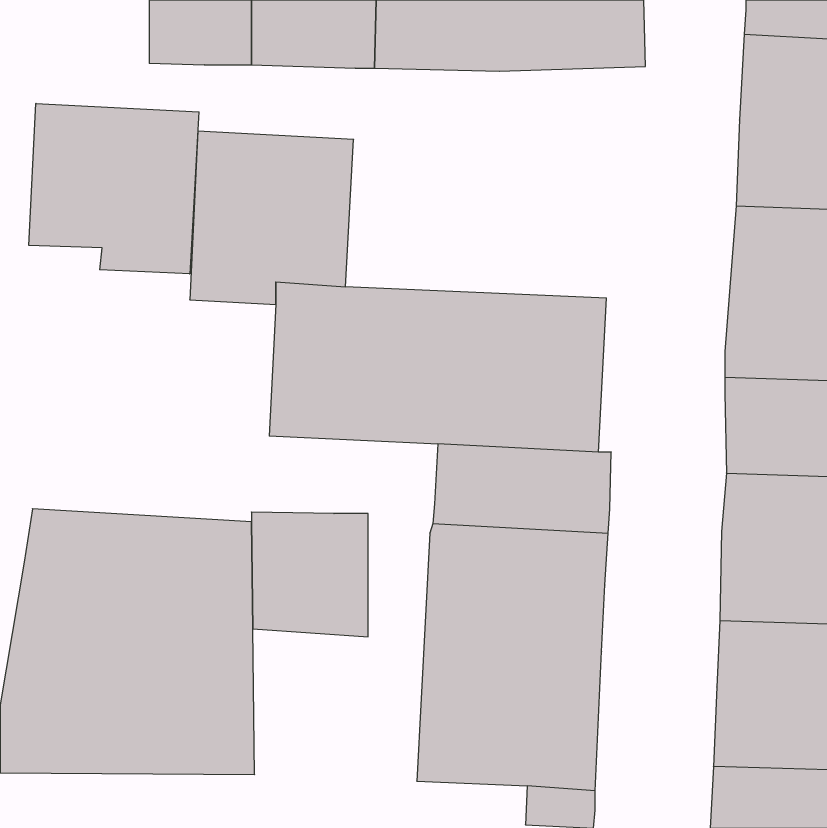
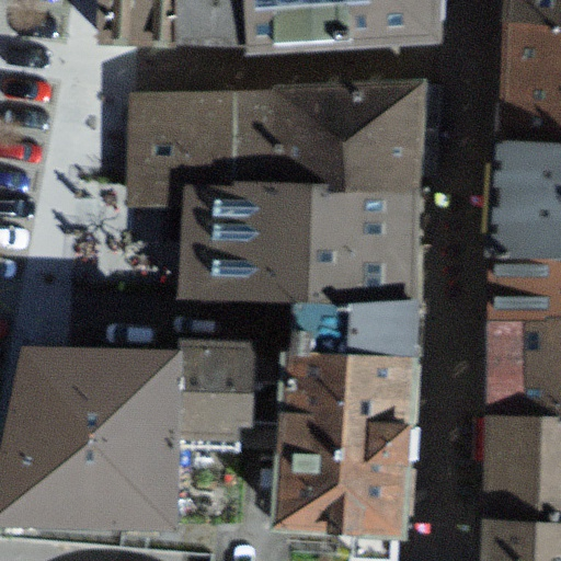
building: [29,103,199,274] -> none
building: none -> [234,88,423,202]

